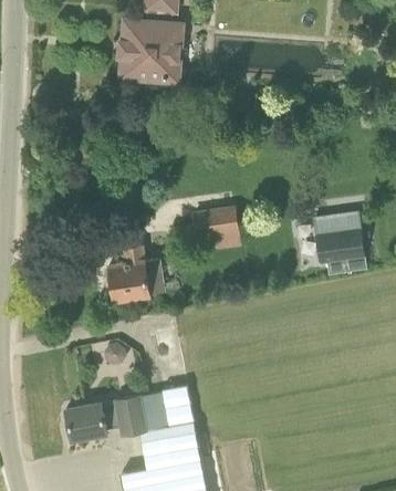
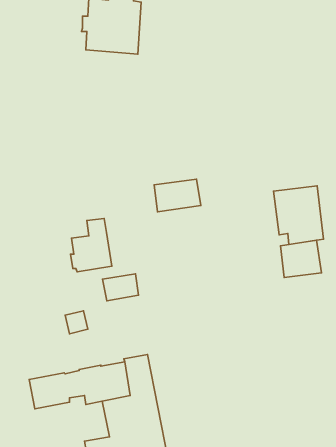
building: none -> [281,240,321,277]
building: none -> [103,274,138,301]

